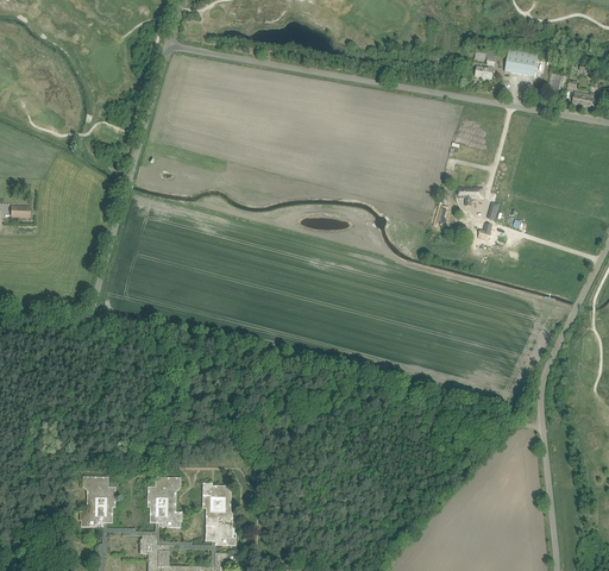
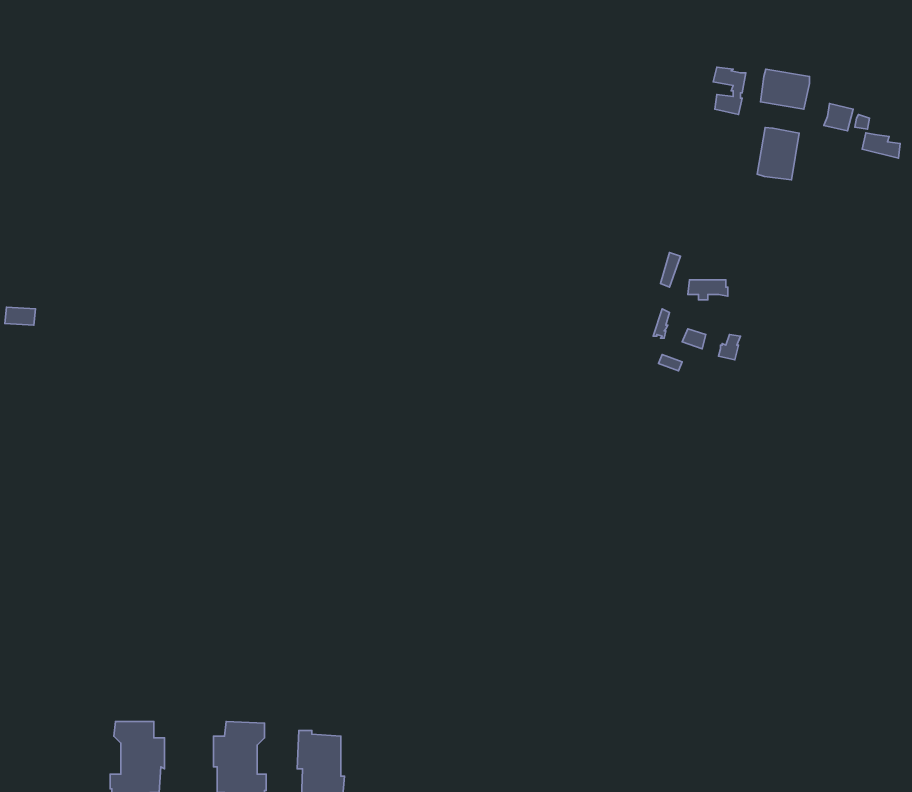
building: none -> [757,127,799,180]

